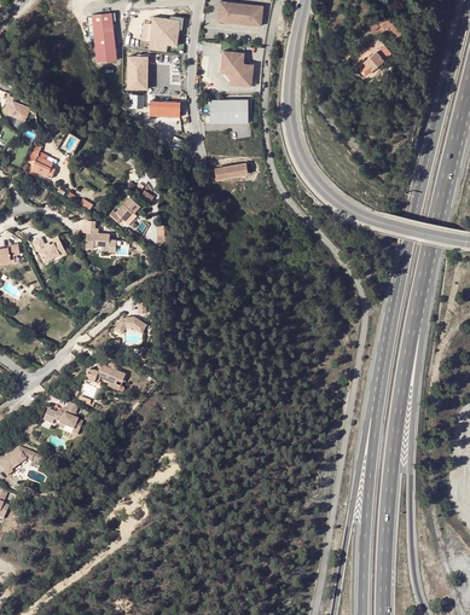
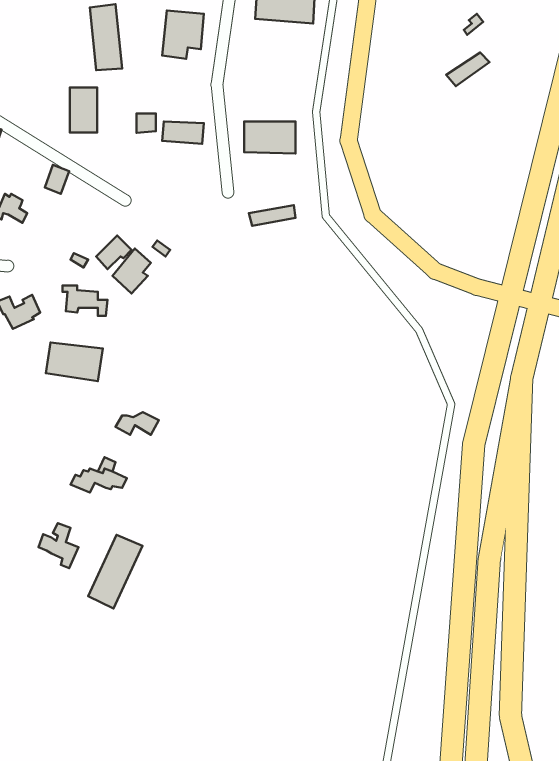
building: [221,52,256,86] -> none
building: [127,57,147,91] -> [70,88,97,133]
building: none -> [46,342,103,381]
building: none -> [88,535,143,609]

